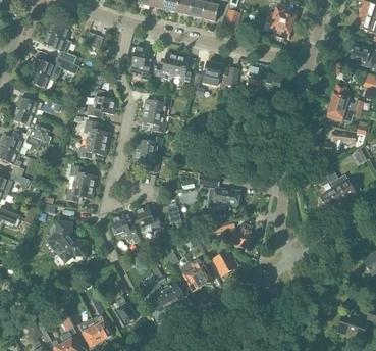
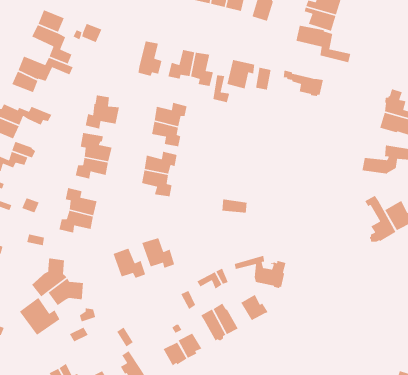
building: none -> [295,25,351,63]
building: [210,188,239,209] -> none
building: none -> [19,297,61,336]

